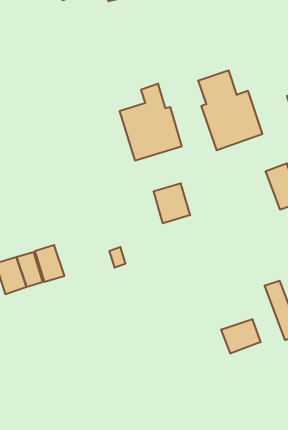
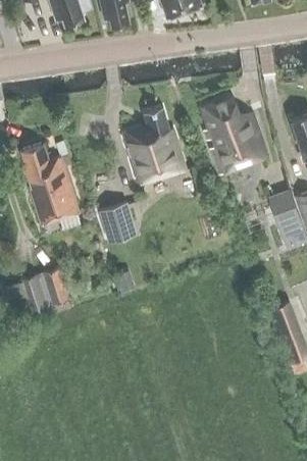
building: none -> [20,141,81,227]
building: [153,183,190,223] -> [99,201,136,241]
building: [221,319,261,354] -> none

